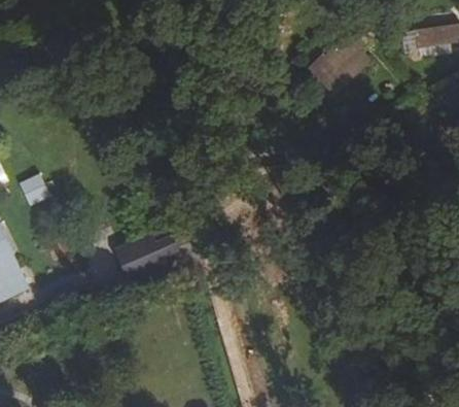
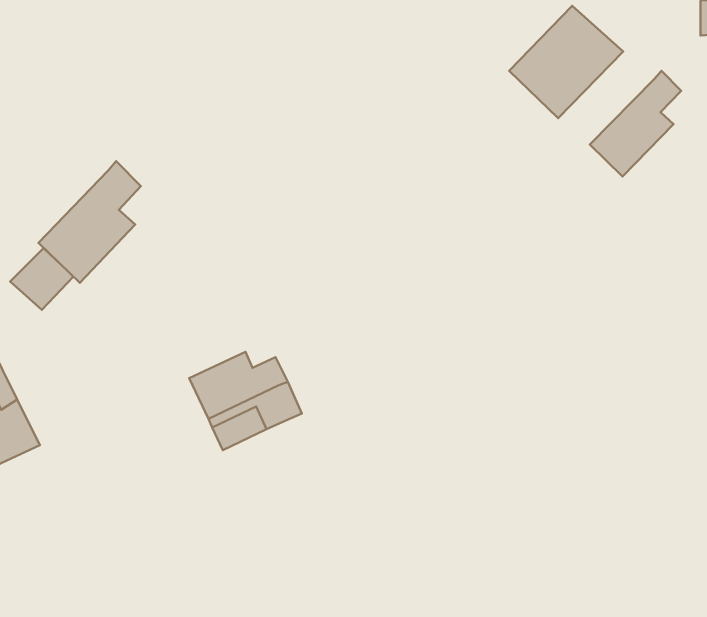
building: none -> [590,71,681,177]
building: none -> [39,161,141,283]

